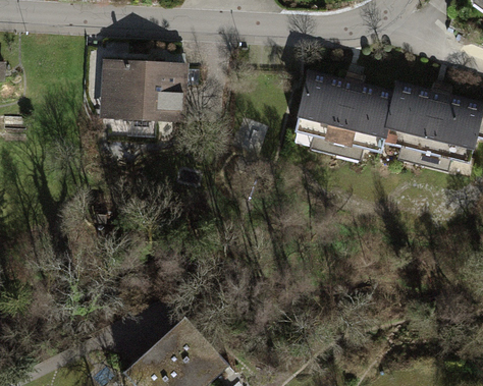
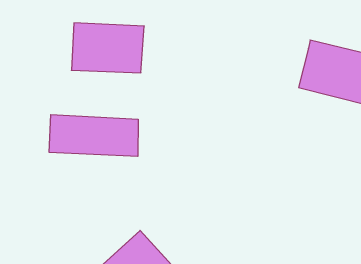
building: [293,70,394,154] -> none
building: none -> [49,115,138,156]

